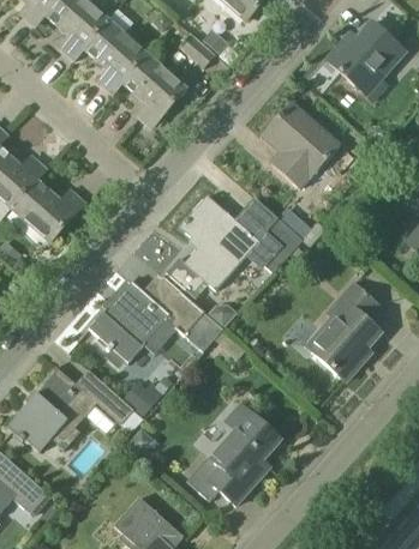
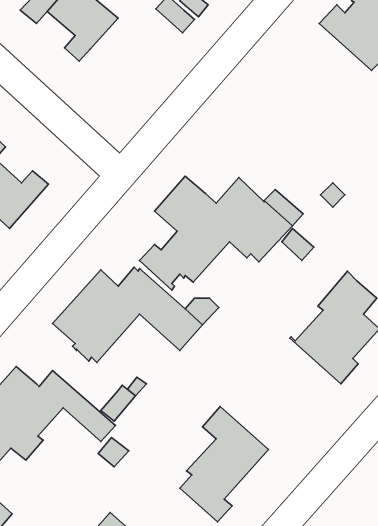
building: [121,54,185,127] -> none
building: [259,101,340,188] -> none

